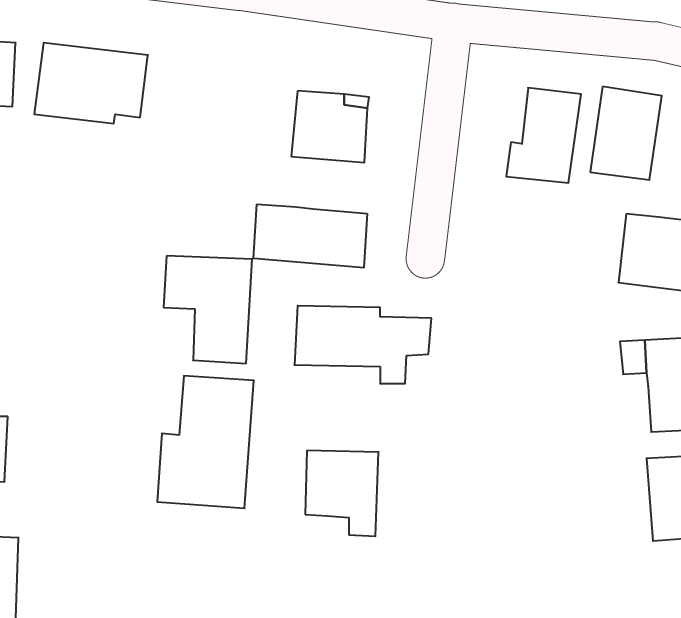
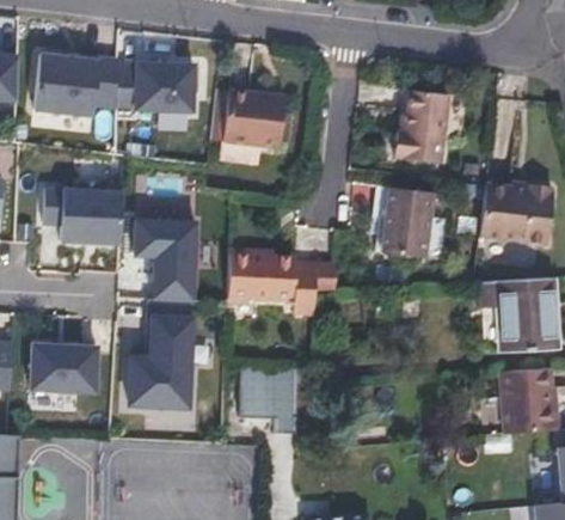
building: none -> [118,63,194,112]
building: [590,87,662,180] -> [380,186,435,258]
building: [254,204,367,268] -> none
building: none -> [45,185,124,244]
building: none -> [29,341,98,393]

